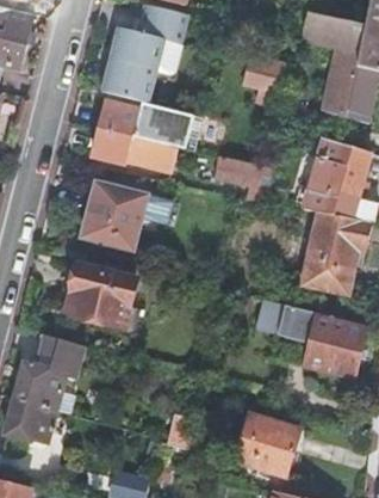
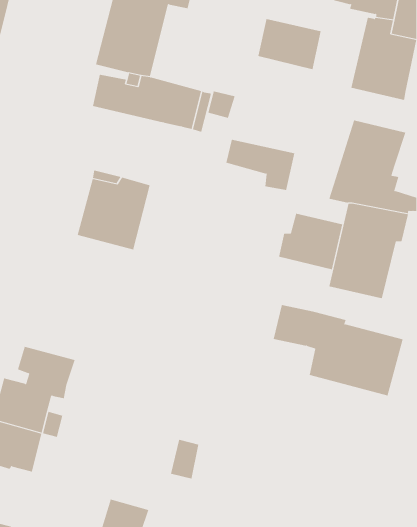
building: [92,128,175,171] -> none
building: none -> [279,213,343,270]
building: [66,265,138,330] -> none
building: [235,413,300,475] -> none

